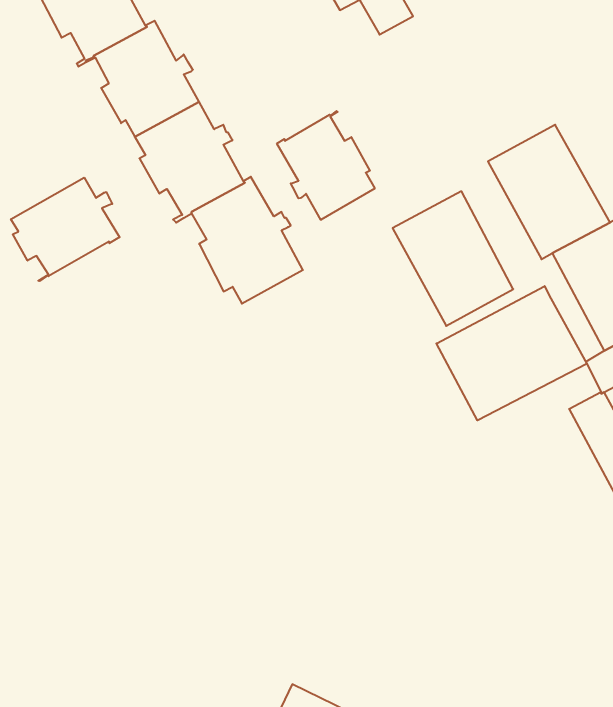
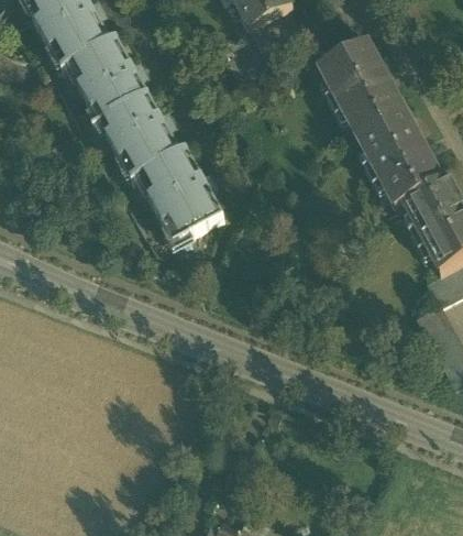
building: [277,111,375,220] -> none
building: [11,178,120,281] -> none
building: [393,191,513,326] -> [317,40,404,136]
building: [436,286,587,420] -> none

